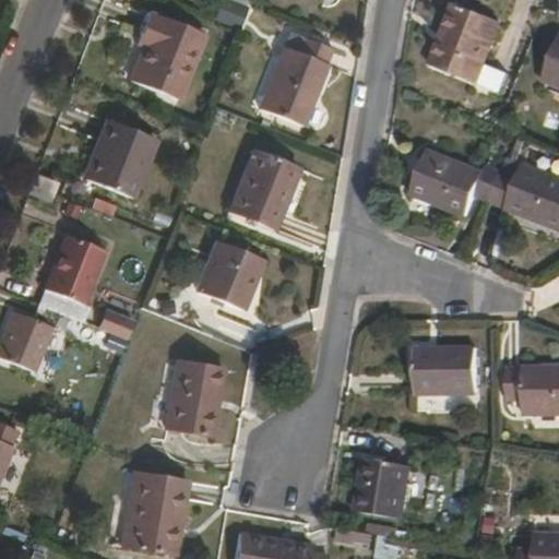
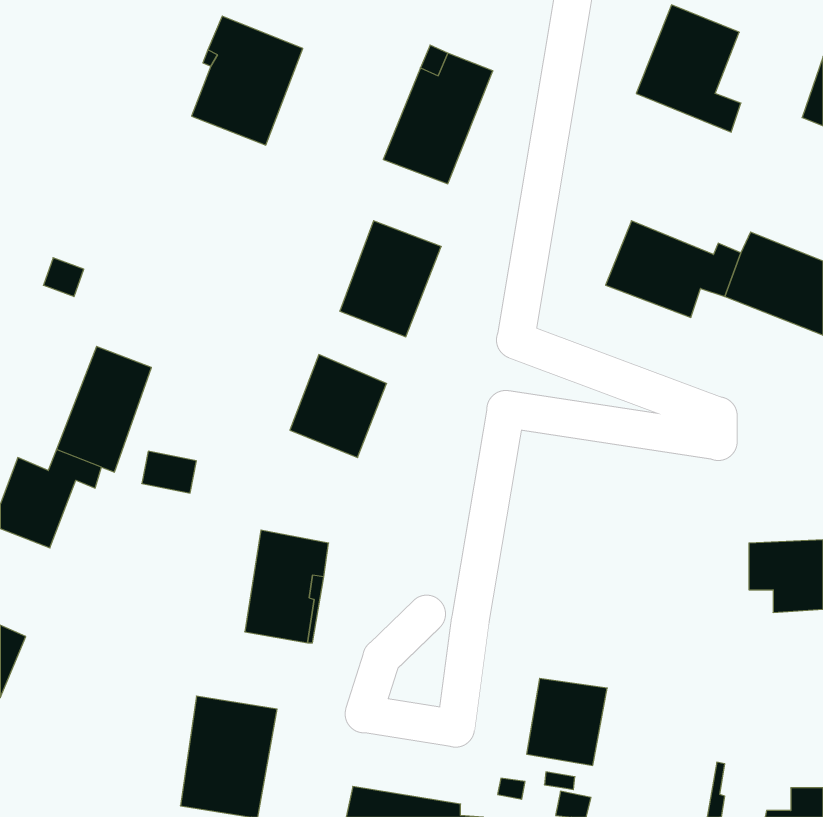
building: [86,120,155,198] -> none
building: [417,346,478,393] -> none

